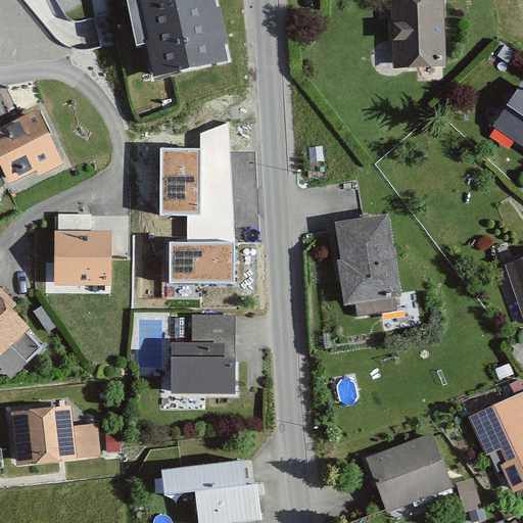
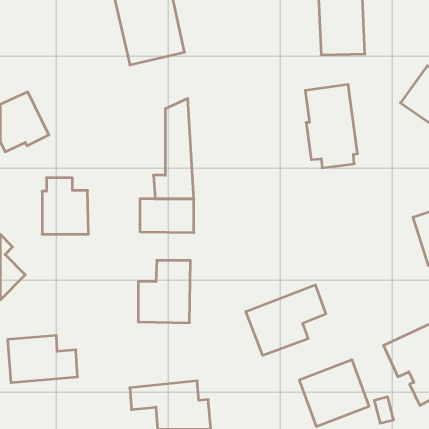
building: [162,145,202,212] -> none
building: [335,213,398,315] -> [305,85,358,168]
building: none -> [246,285,326,355]

